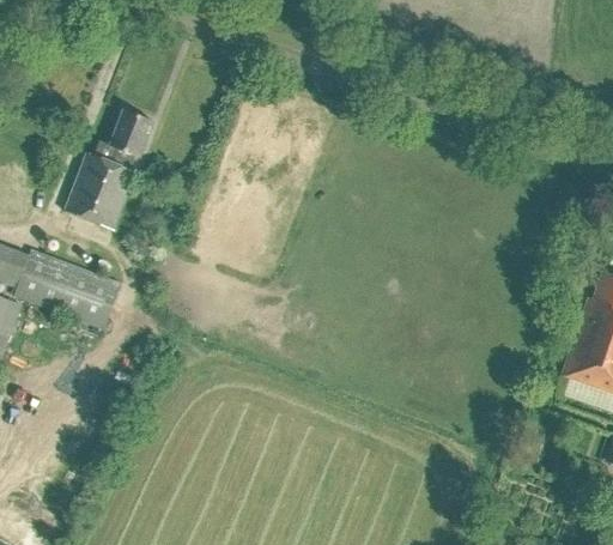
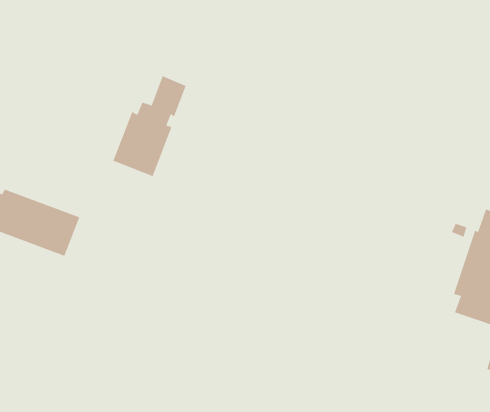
building: [63,110,151,230] -> [113,76,187,177]

